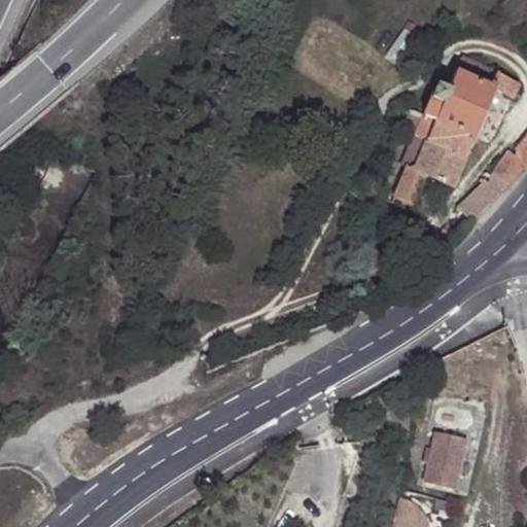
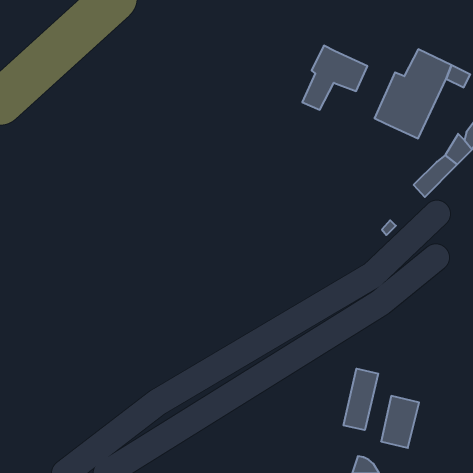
building: [393,131,465,202] -> [302,46,367,110]
building: none -> [344,369,378,430]

